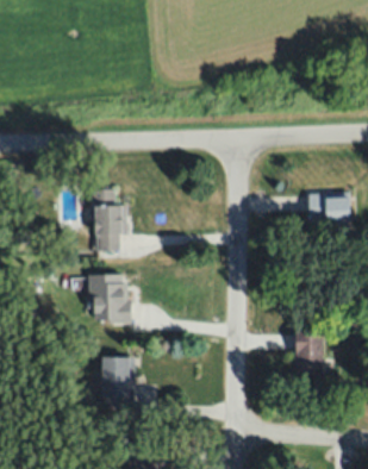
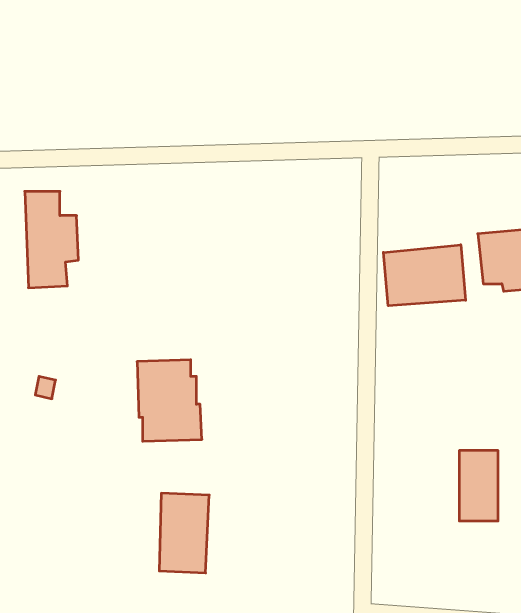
building: [93,189,127,251] -> [25,191,78,288]
building: none -> [383,245,466,306]

